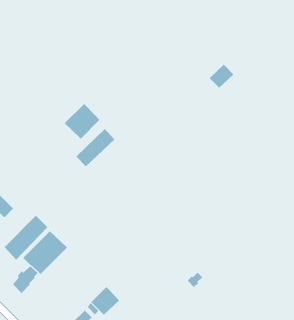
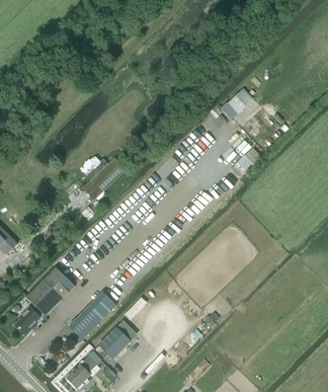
building: [64,103,100,140] -> none
building: [4,215,48,260] -> [68,292,115,340]

